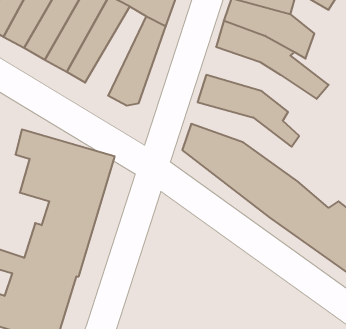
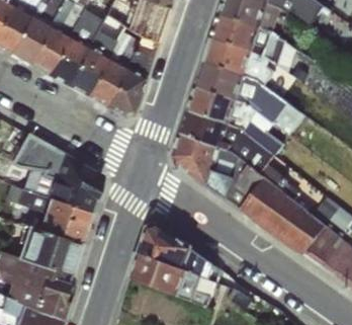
building: none -> [83,23,140,106]
building: none -> [195,61,281,121]
building: none -> [181,112,287,186]
building: none -> [136,229,231,305]

